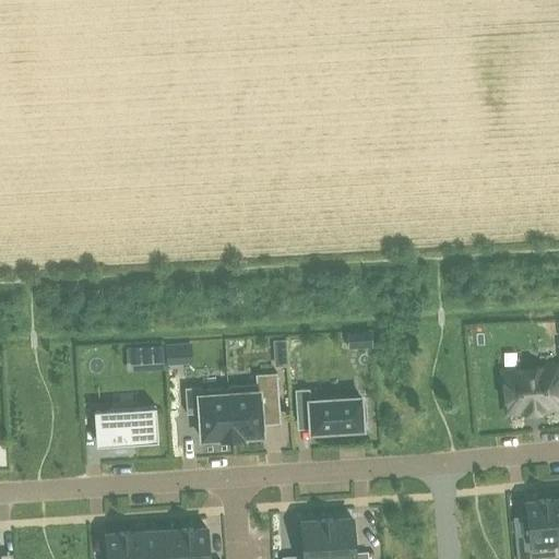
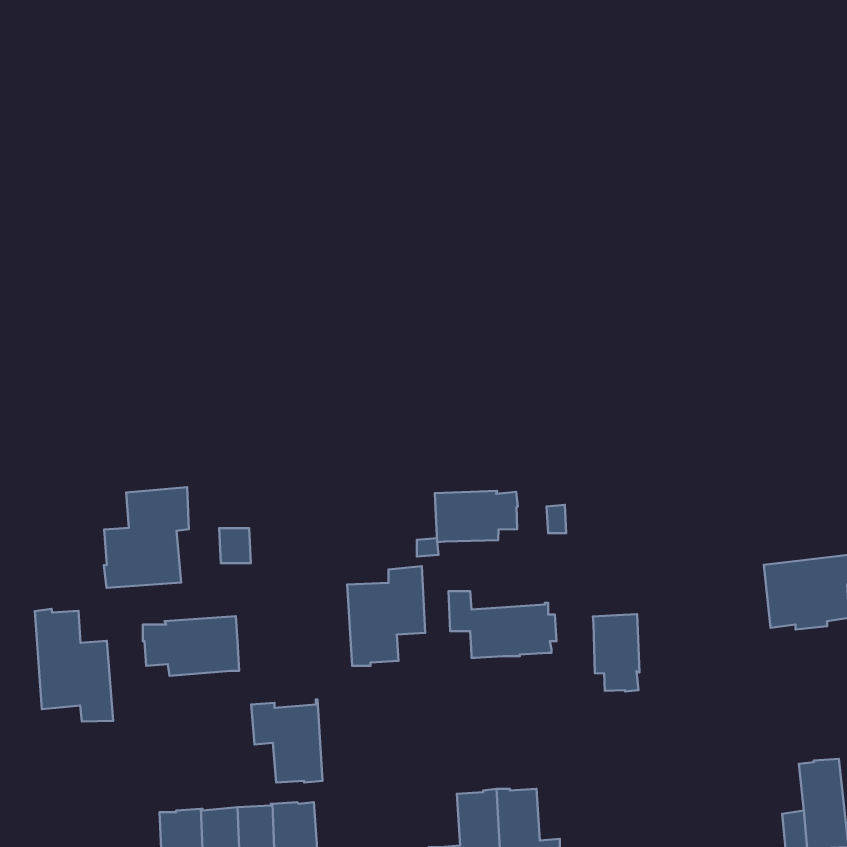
building: none -> [104,487,189,588]
building: none -> [435,491,518,542]
building: [186,385,233,440] -> [251,700,323,783]
building: none -> [35,609,113,721]
building: none -> [593,614,639,692]

